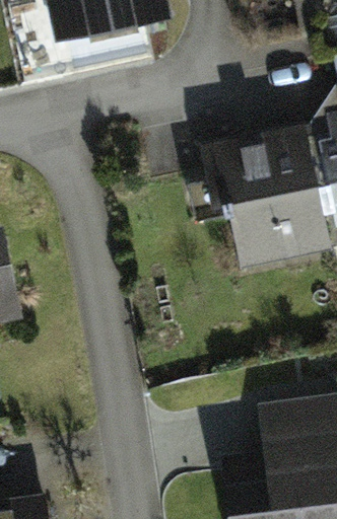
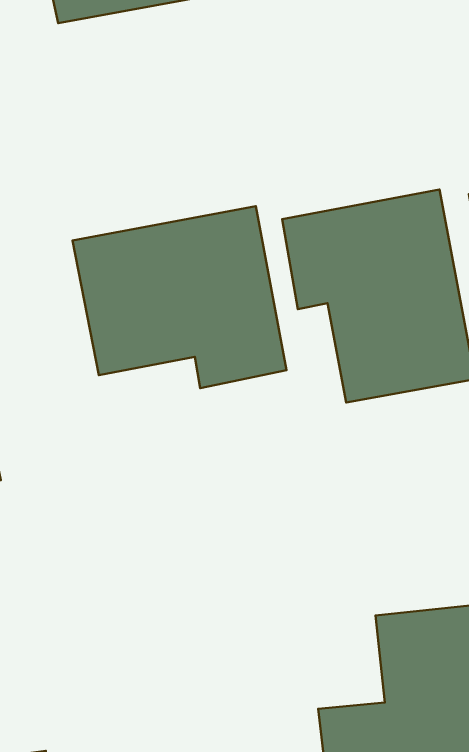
building: none -> [72,206,287,388]

